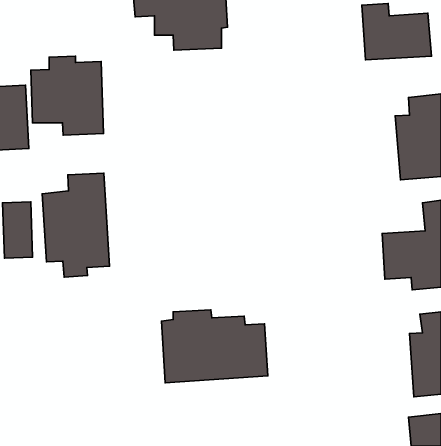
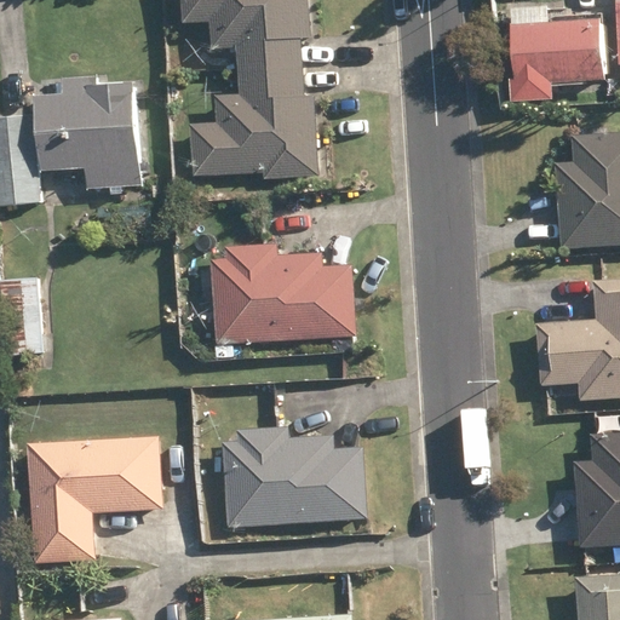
building: none -> [191,67,318,177]
building: [42,173,110,277] -> none
building: none -> [213,243,357,344]
building: none -> [30,436,165,562]

